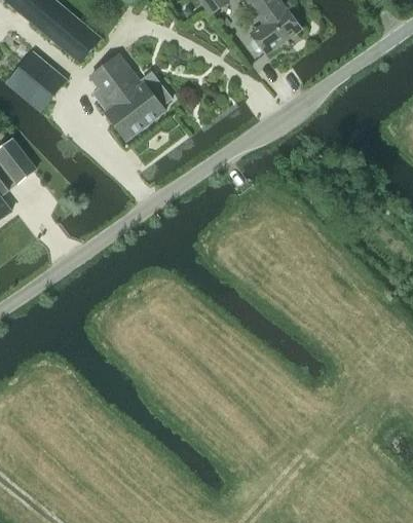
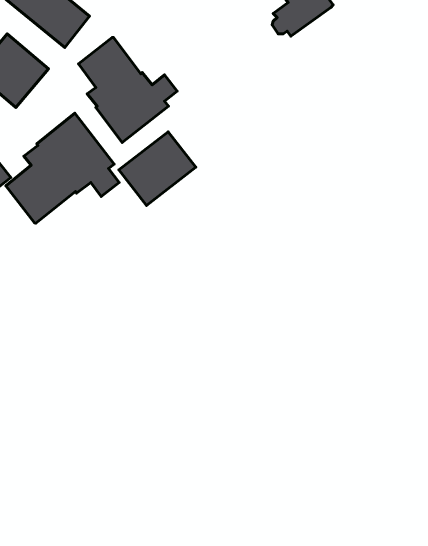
building: none -> [6,113,119,223]
building: none -> [119,132,196,205]

